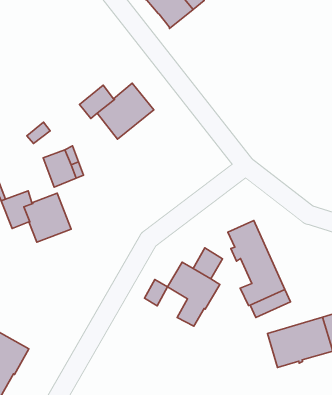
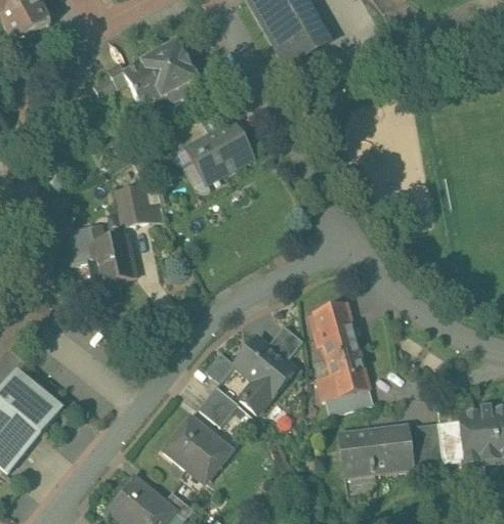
building: none -> [122,40,205,108]
building: none -> [198,384,238,425]
building: none -> [164,417,229,477]

